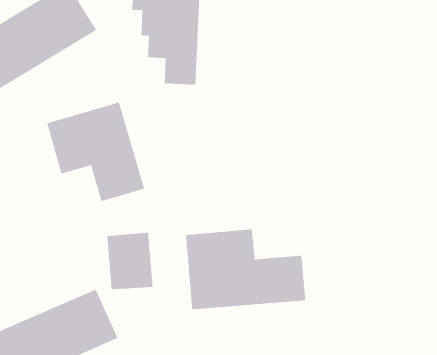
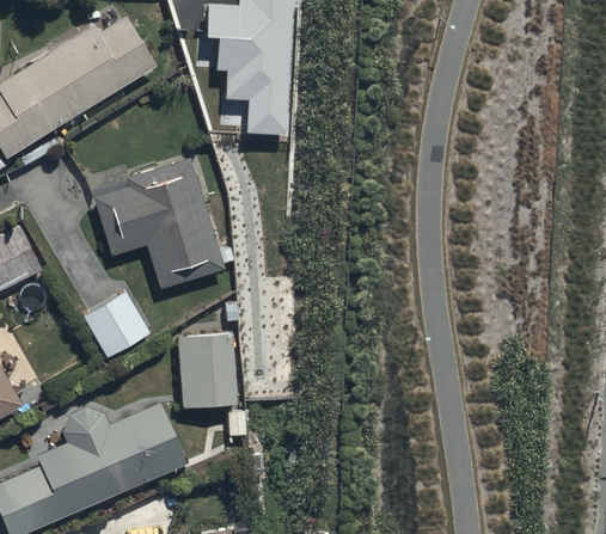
building: none -> [78,287,147,356]
building: [185,228,306,310] -> none

